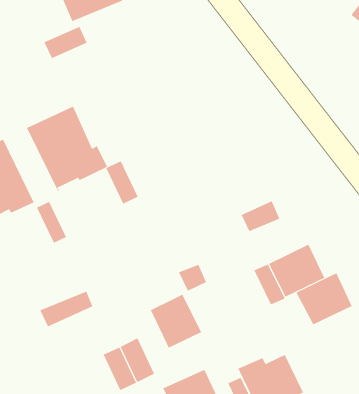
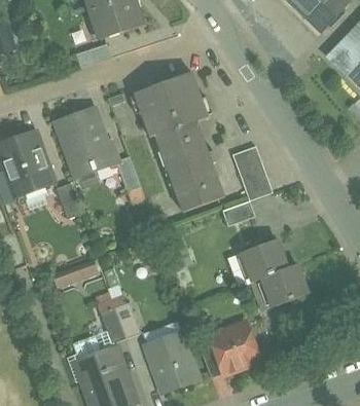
building: none -> [134,73,224,212]
building: none -> [232,146,271,198]
building: [150,289,202,349] -> none

